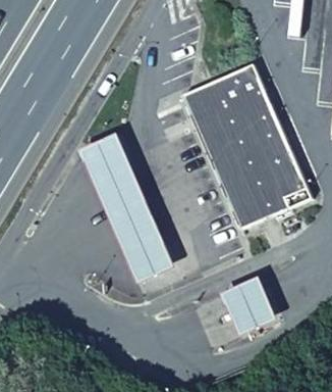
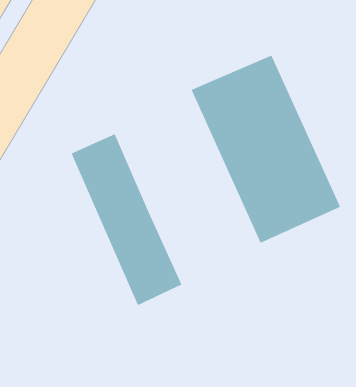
building: [221,276,277,335] -> none

